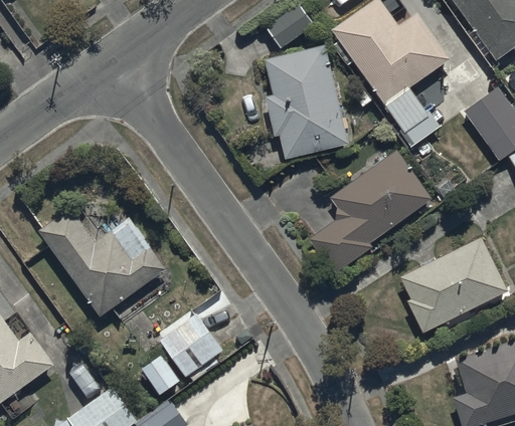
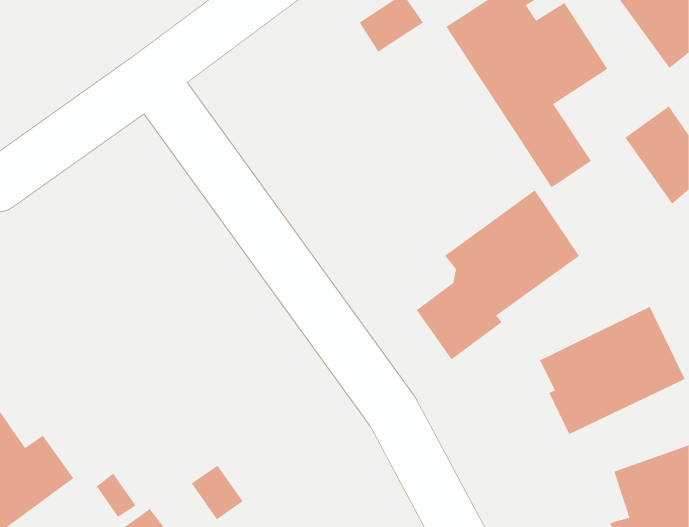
building: [265,44,349,160] -> none
building: [37,207,167,317] -> none
building: [160,313,224,377] -> none

